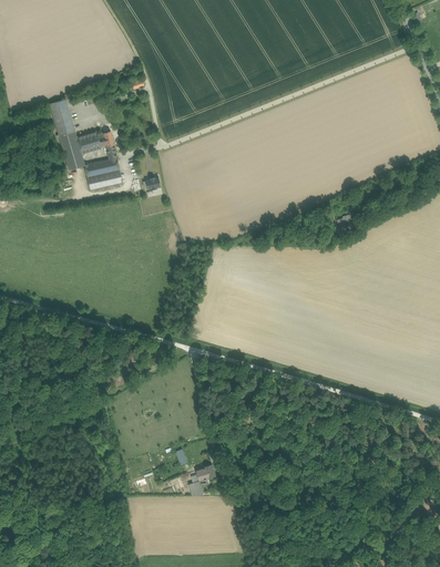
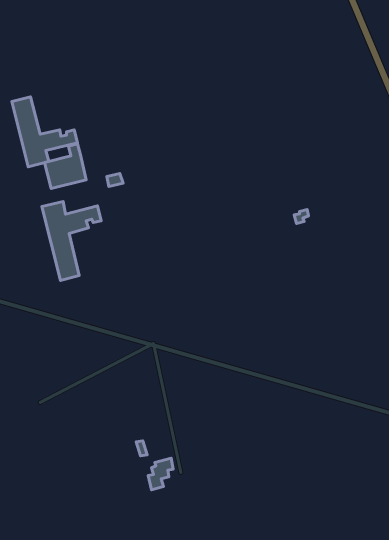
building: none -> [42,202,101,281]

